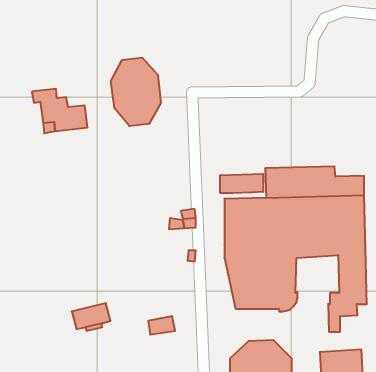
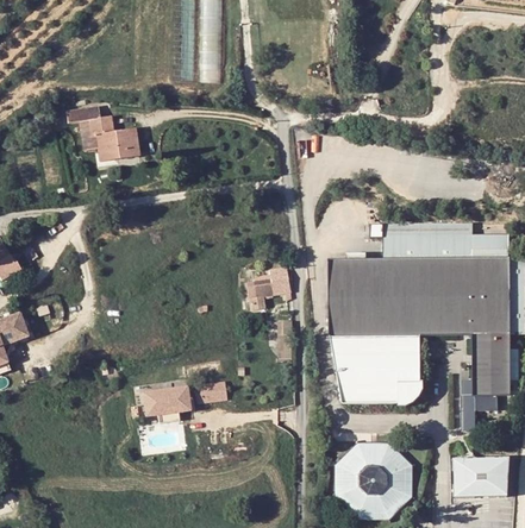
building: [111,58,161,126] -> none
building: [220,174,263,193] -> none
building: [148,316,175,335] -> [193,378,227,402]

